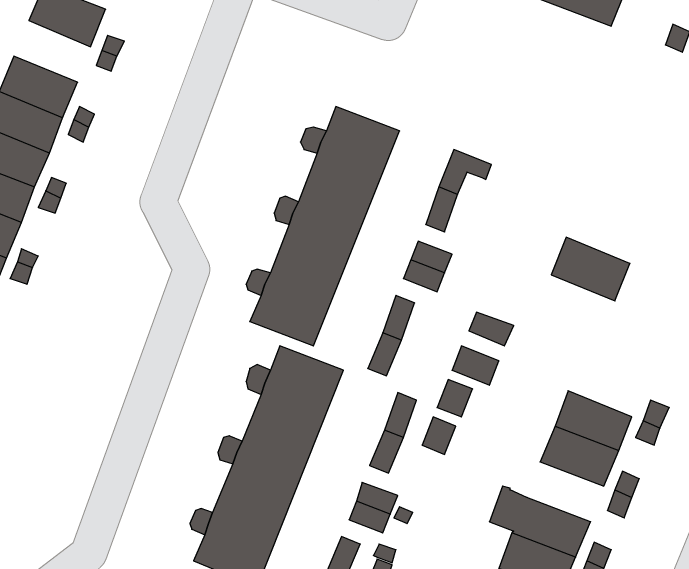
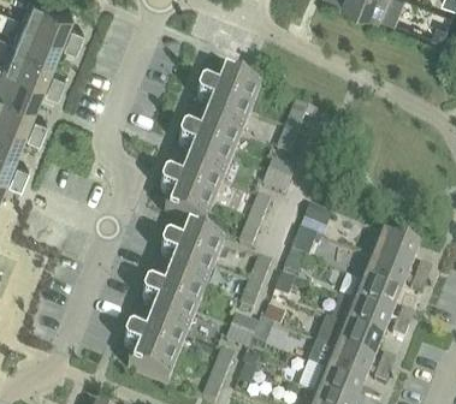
building: none -> [11,18,60,58]
building: [551,237,630,301] -> [367,232,417,273]
building: none -> [340,302,390,340]

